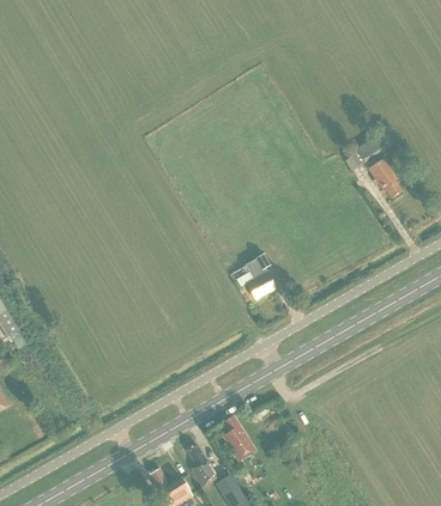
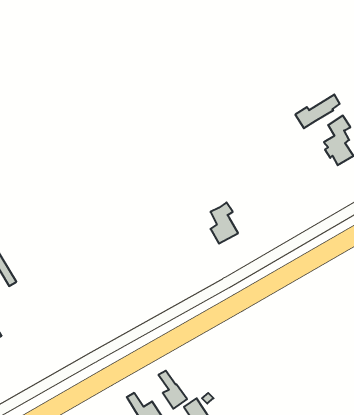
building: [223,416,254,461] -> none

